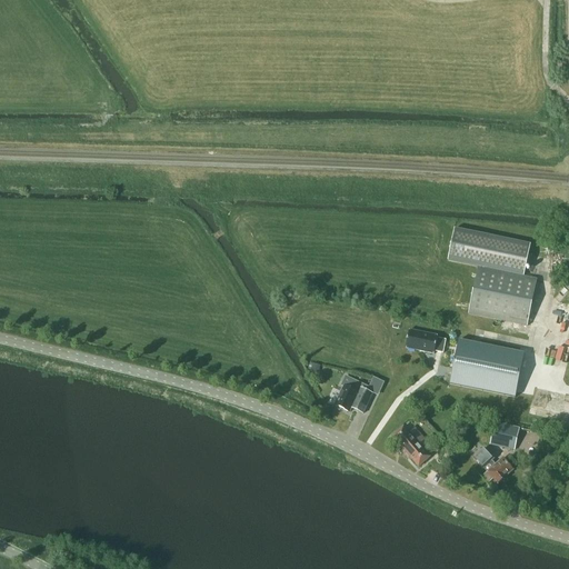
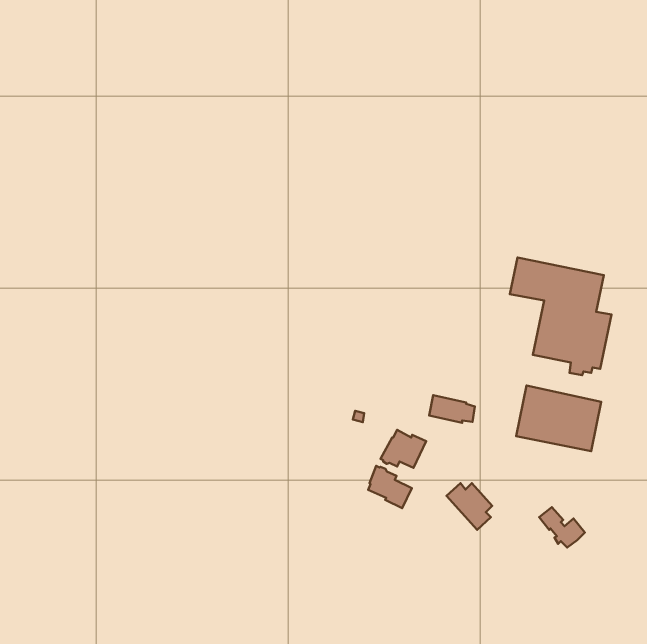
building: [405,327,445,351] -> [429,395,475,423]
building: none -> [368,466,412,508]
building: [489,420,518,448] -> none

